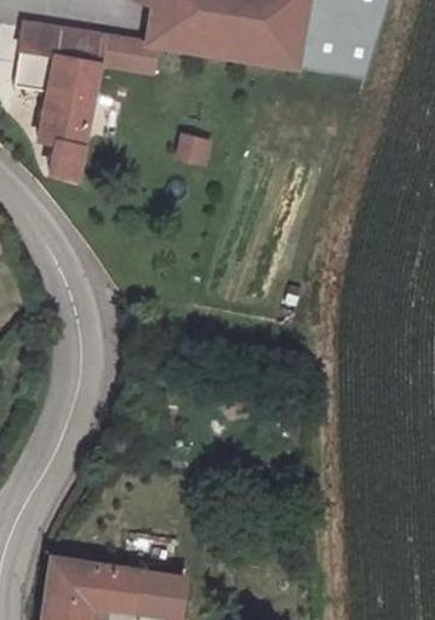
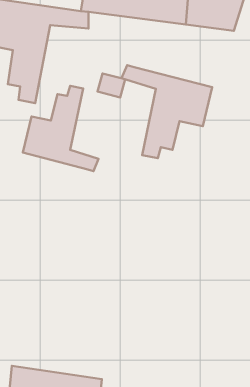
building: none -> [122,65,212,158]
building: none -> [23,86,99,171]

